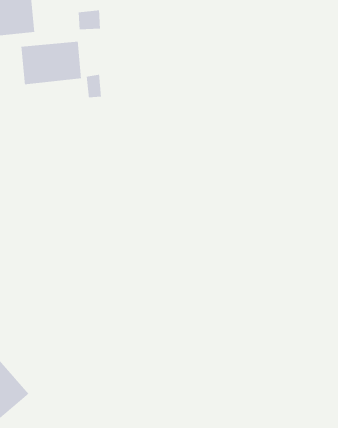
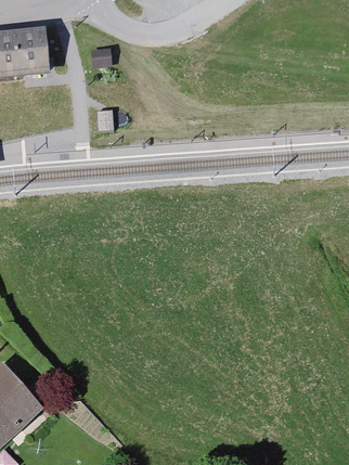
building: [21,41,82,85] -> none

